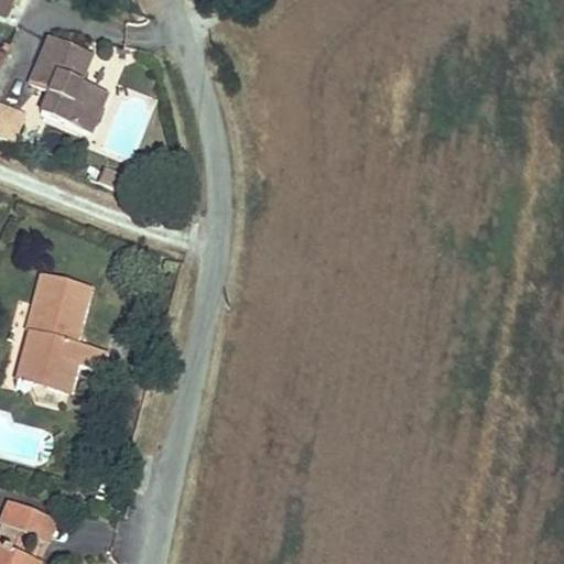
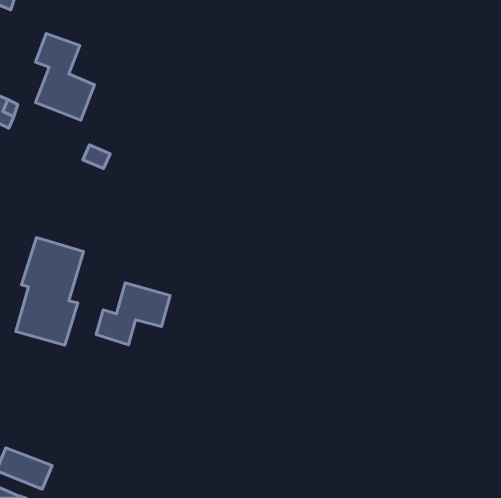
building: none -> [96,283,170,345]

